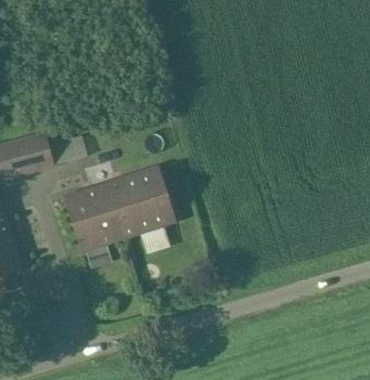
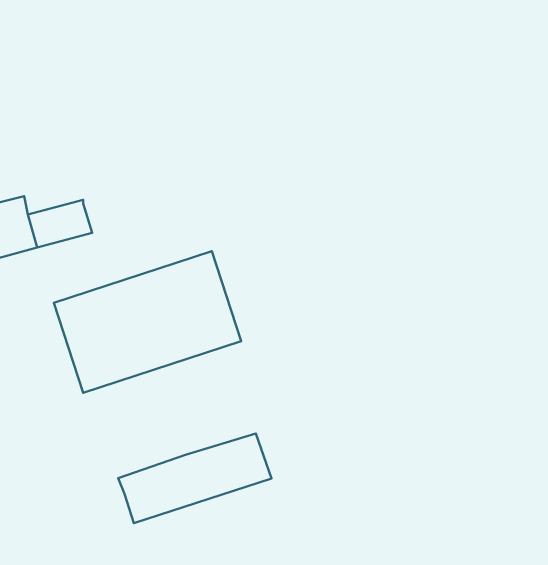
building: none -> [118,433,272,523]

